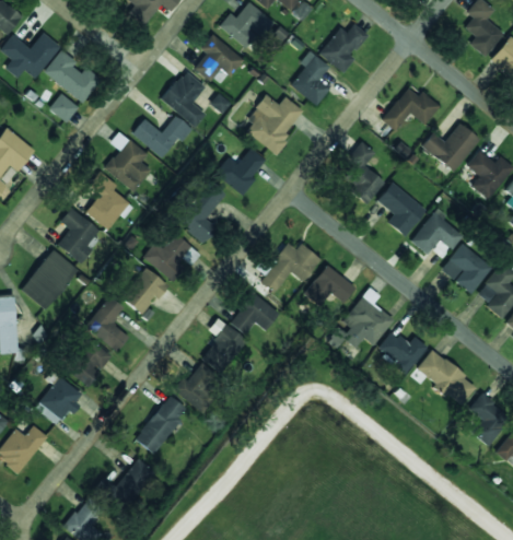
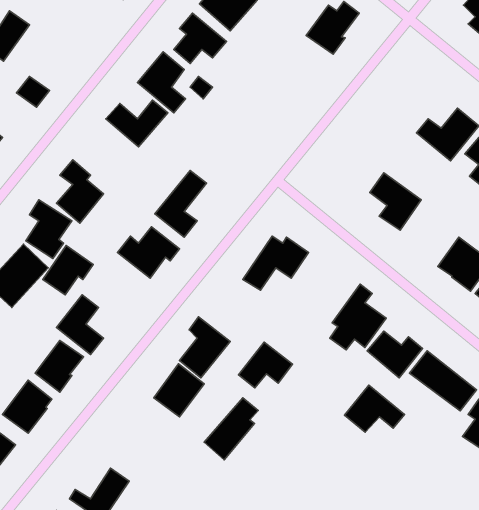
building: [292,51,330,106] -> none
building: [45,52,102,103] -> none
building: [375,87,440,139] -> none
building: [247,95,304,156] -> none
building: [105,132,152,192] -> none
building: [346,142,385,206] -> none
building: [218,149,267,196] -> none
building: [411,209,465,256] -> none
building: [304,266,357,307] -> none
building: [123,268,170,314] -> [43,246,93,295]
building: [230,293,280,336] -> [238,342,292,388]
building: none -> [344,385,405,432]
building: [136,397,186,455] -> [204,398,258,460]

